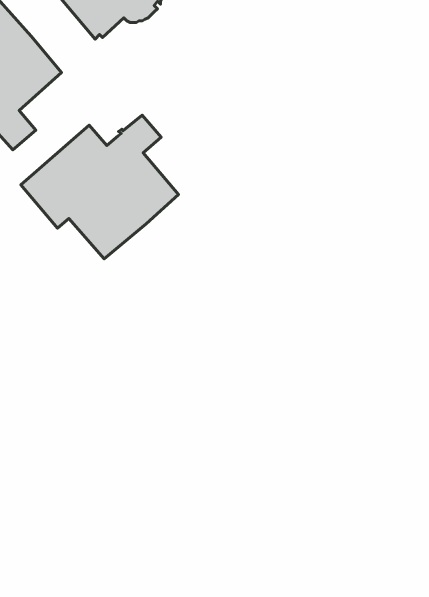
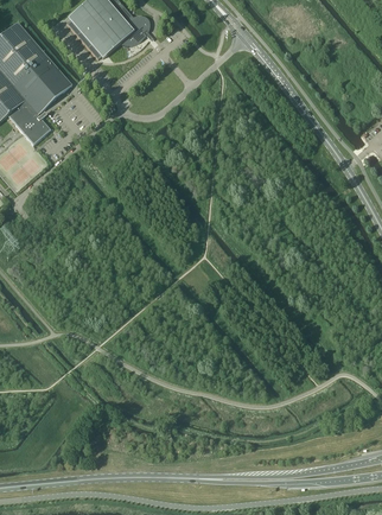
building: [21,115,179,259] -> none

